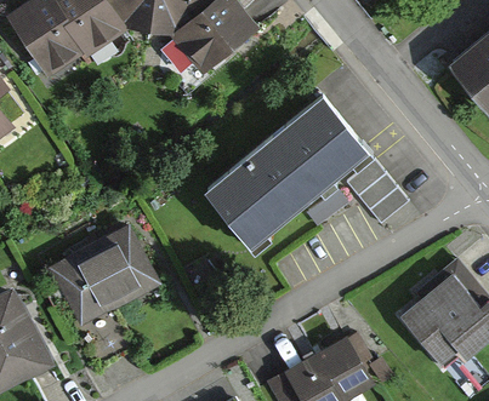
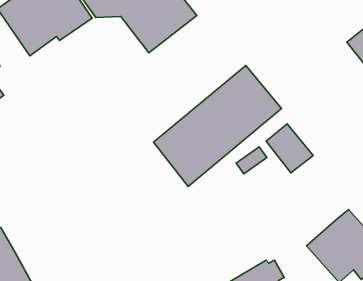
building: [49,224,161,327] -> none

